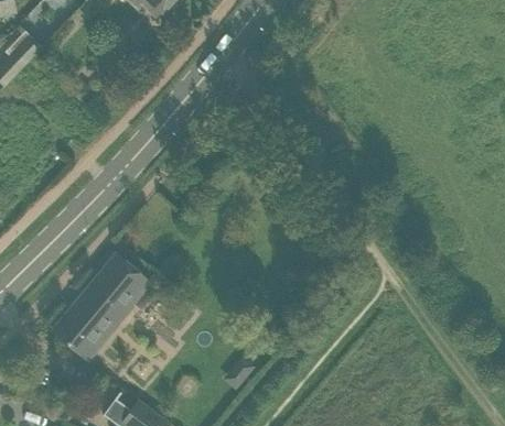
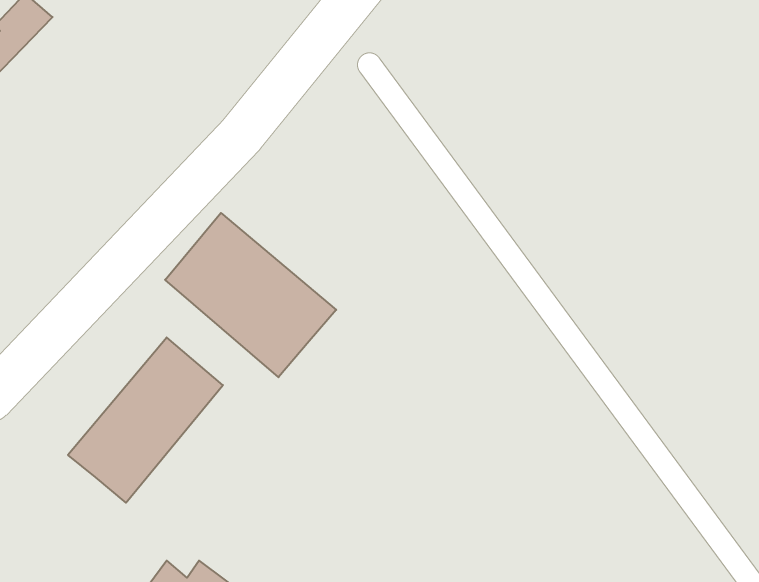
building: none -> [165,213,336,377]

